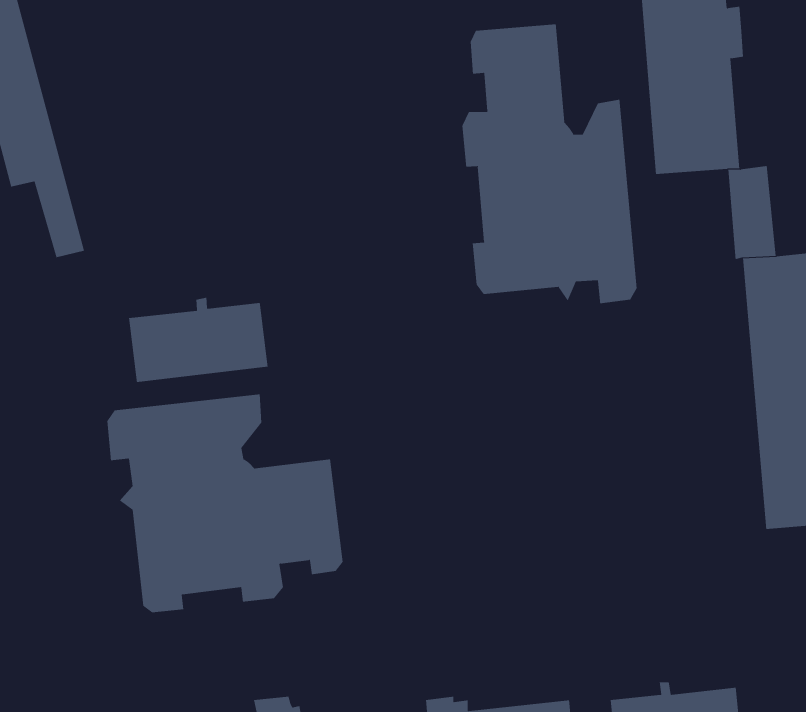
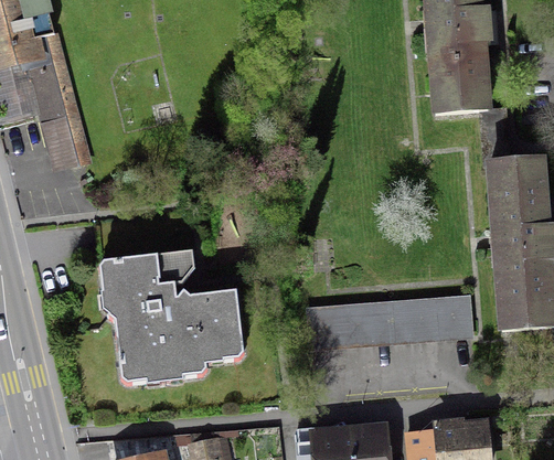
building: [462,24,637,304] -> none
building: [129,297,268,383] -> none
building: none -> [308,297,470,344]

